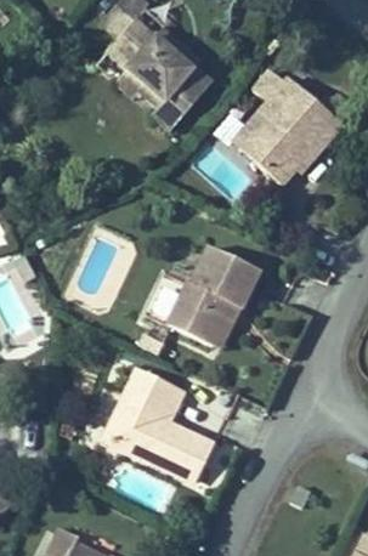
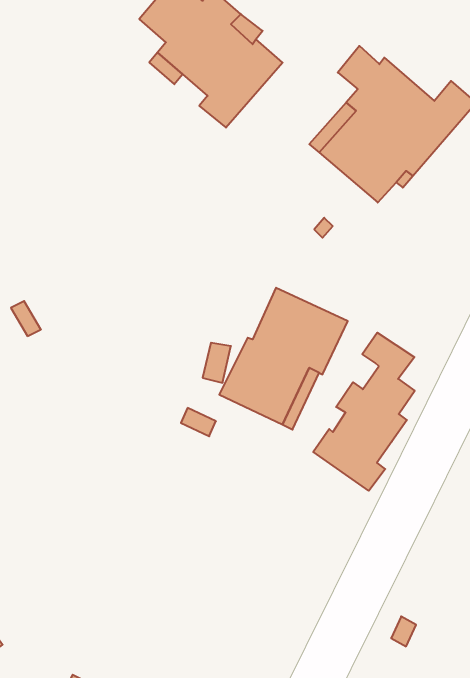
building: none -> [313,333,415,491]
building: [106,370,211,480] -> none

